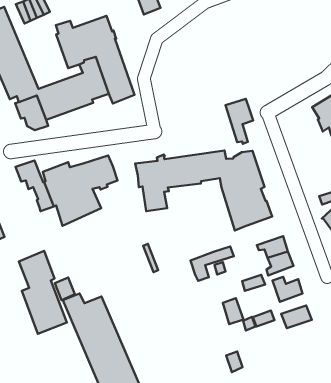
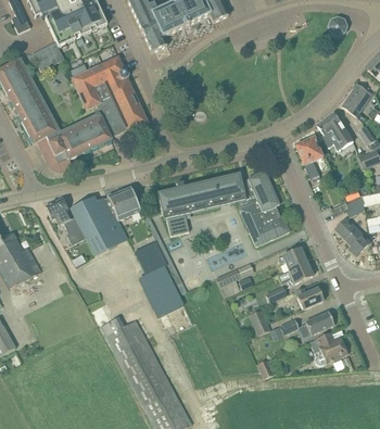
building: [225,99,253,144] -> [296,136,324,178]
building: [19,251,67,334] -> [134,238,183,316]
building: none -> [309,331,347,363]

